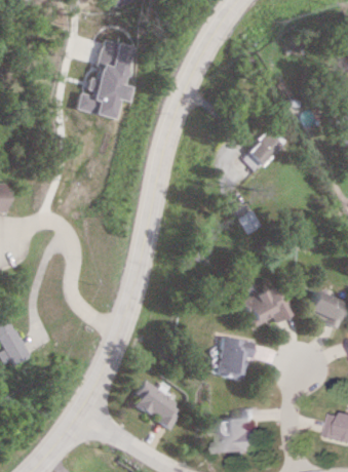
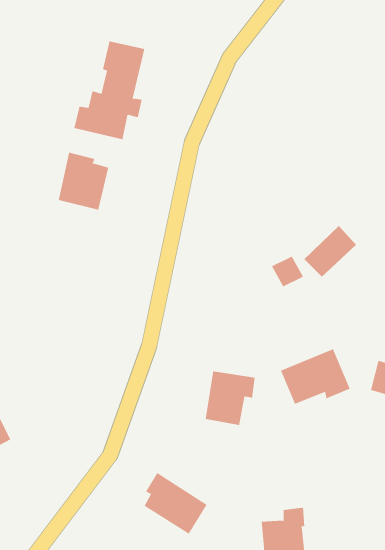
building: none -> [58,152,109,210]
building: [237,130,279,171] -> [304,225,357,277]
building: [214,337,254,380] -> [205,371,255,426]

